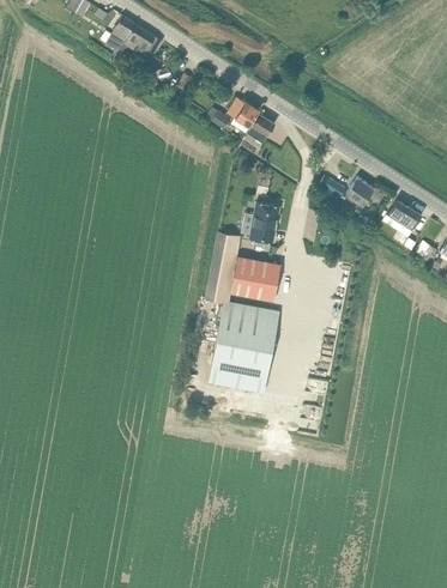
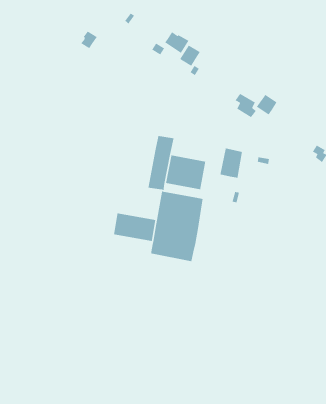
building: [247,200,277,240] -> [219,148,243,178]
building: [387,200,422,230] -> none
building: none -> [113,212,156,242]

